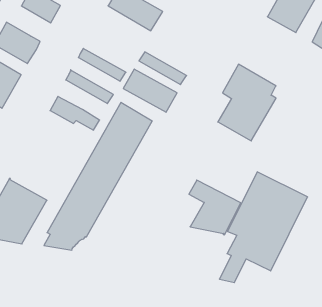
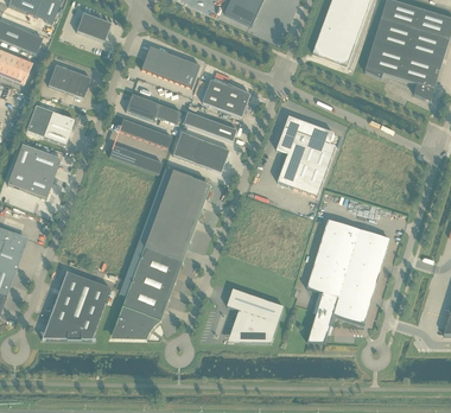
building: none -> [202,78,249,115]
building: [50,96,100,130] -> [125,93,179,122]
building: [189,180,241,235] -> [226,287,282,341]

